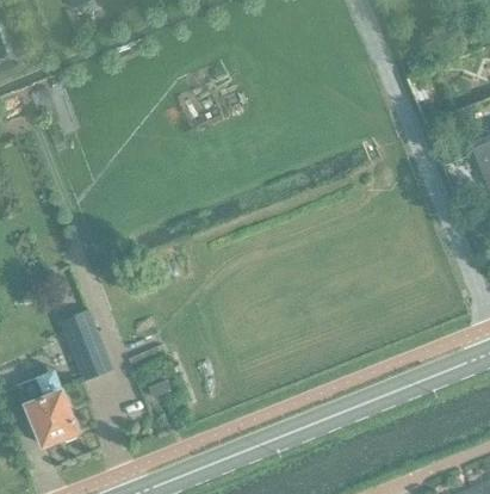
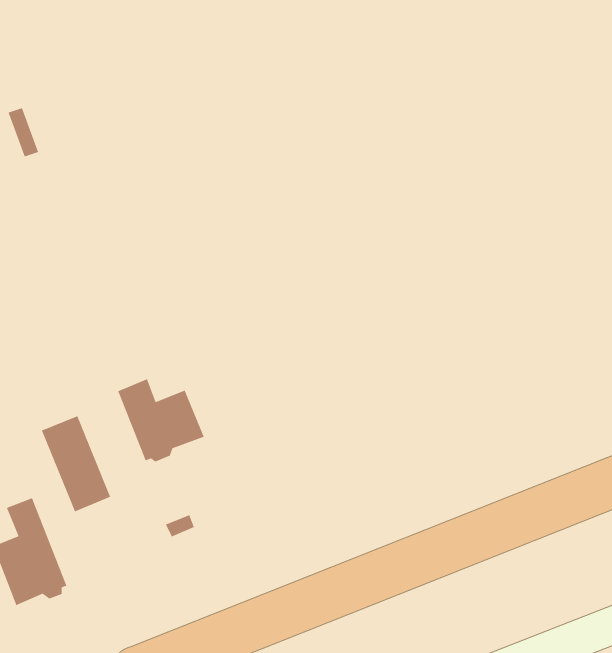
building: none -> [117,378,205,463]

